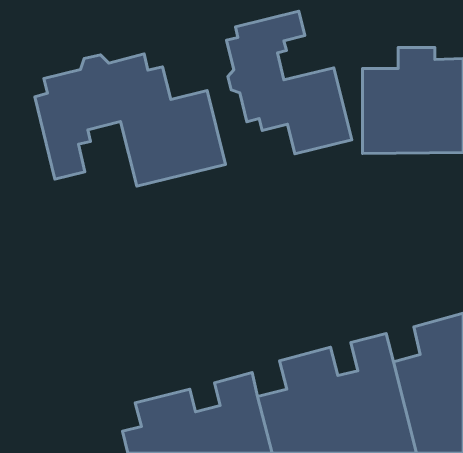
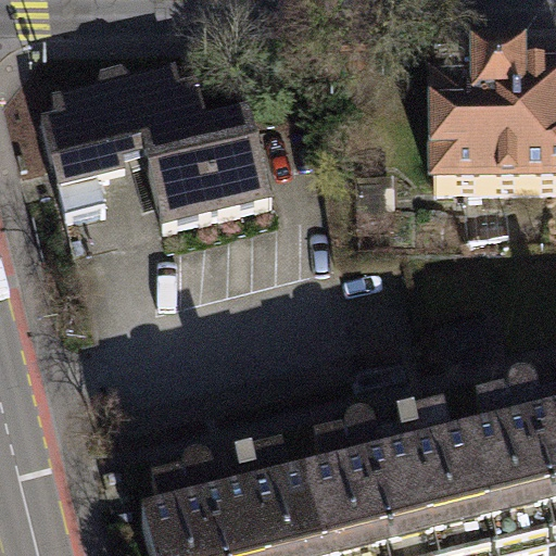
building: [227,11,352,154] -> none

